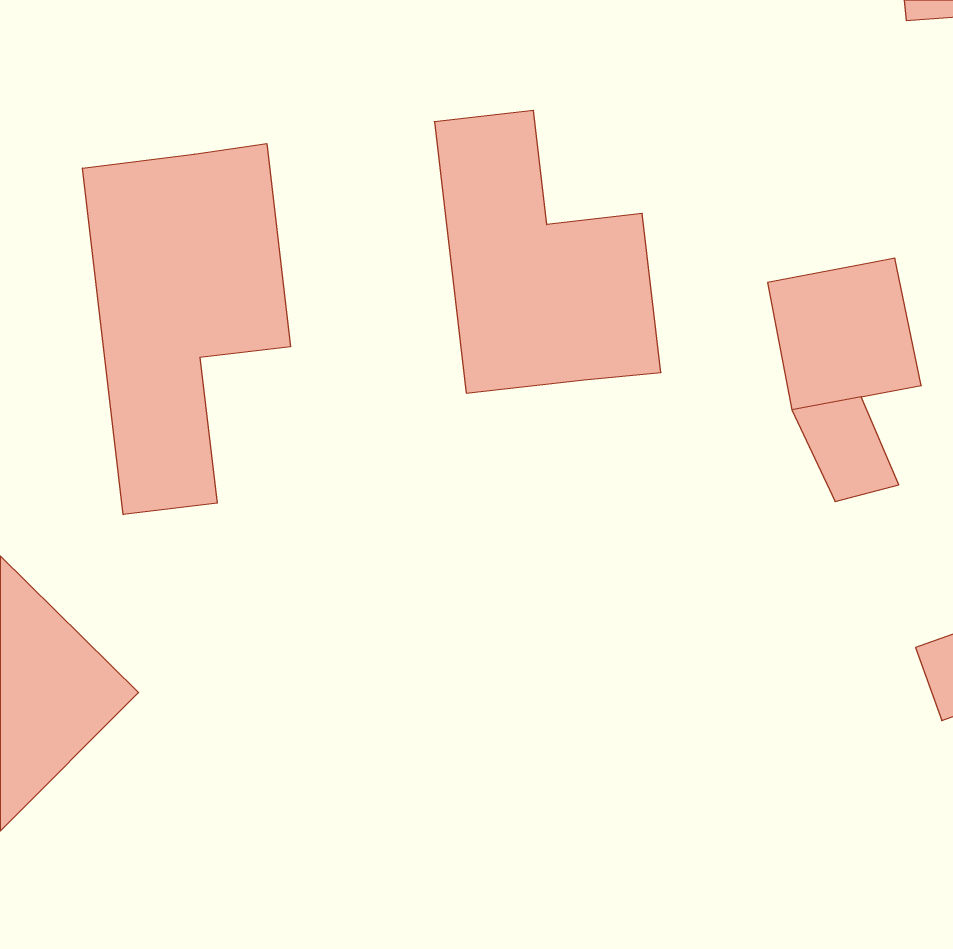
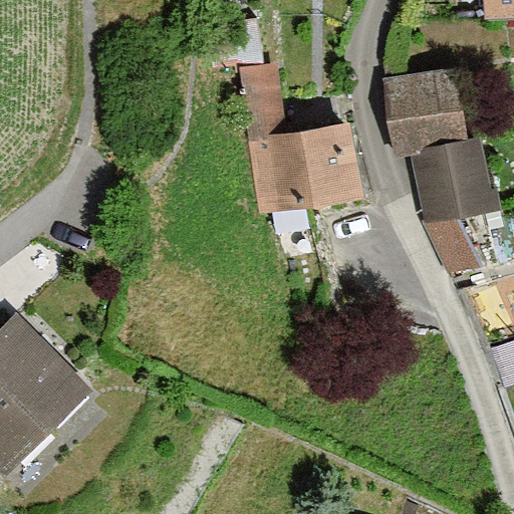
building: none -> [386,72,471,160]
building: [83,144,290,515] -> none

